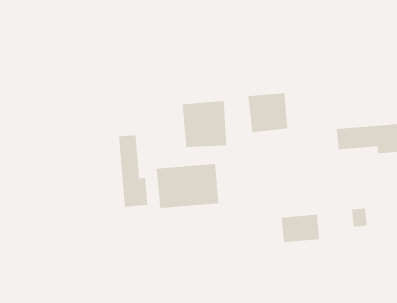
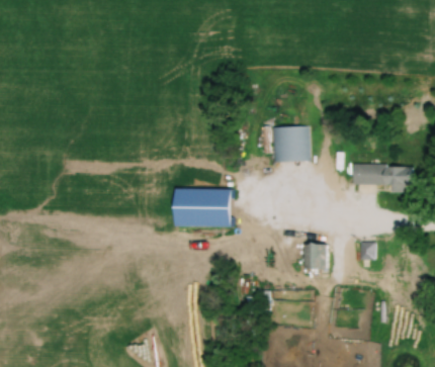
building: [182,100,227,148] -> none
building: [119,134,148,207] -> none

